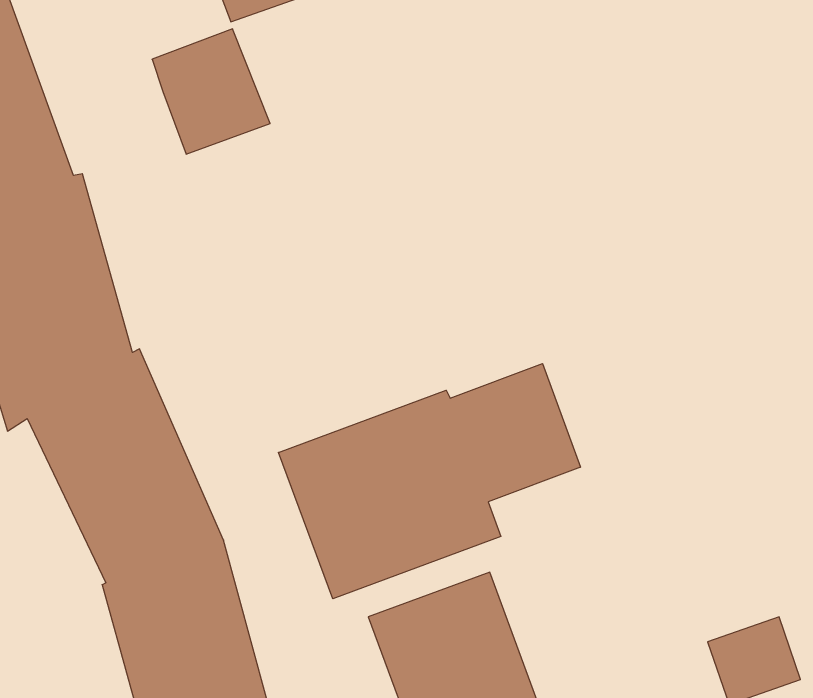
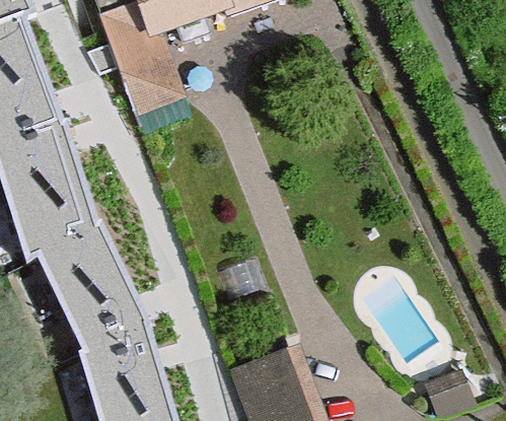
building: [278,364,580,599] -> none

